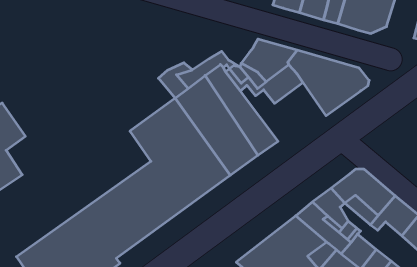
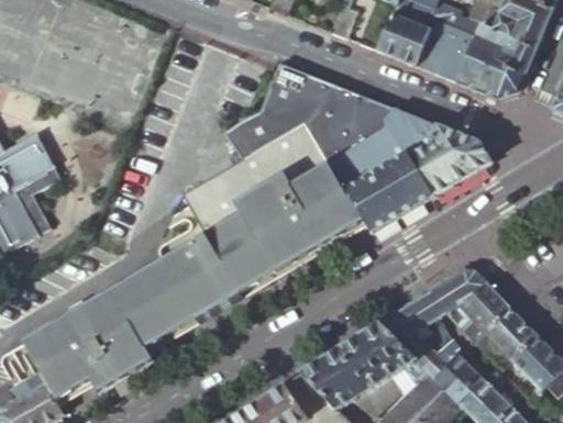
building: none -> [264,63,323,111]
building: none -> [327,149,432,232]

